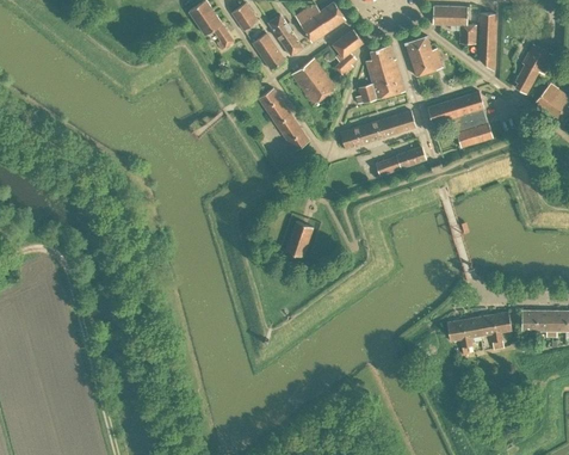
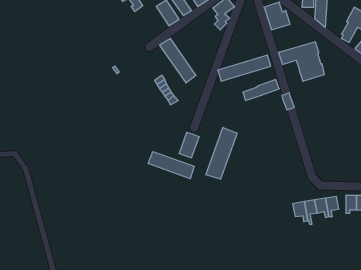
building: [359,44,404,103] -> none
building: [291,59,336,104] -> none
building: none -> [206,127,237,179]
building: none -> [148,152,194,179]

